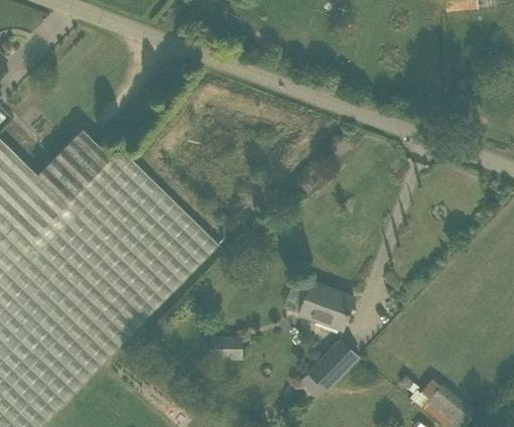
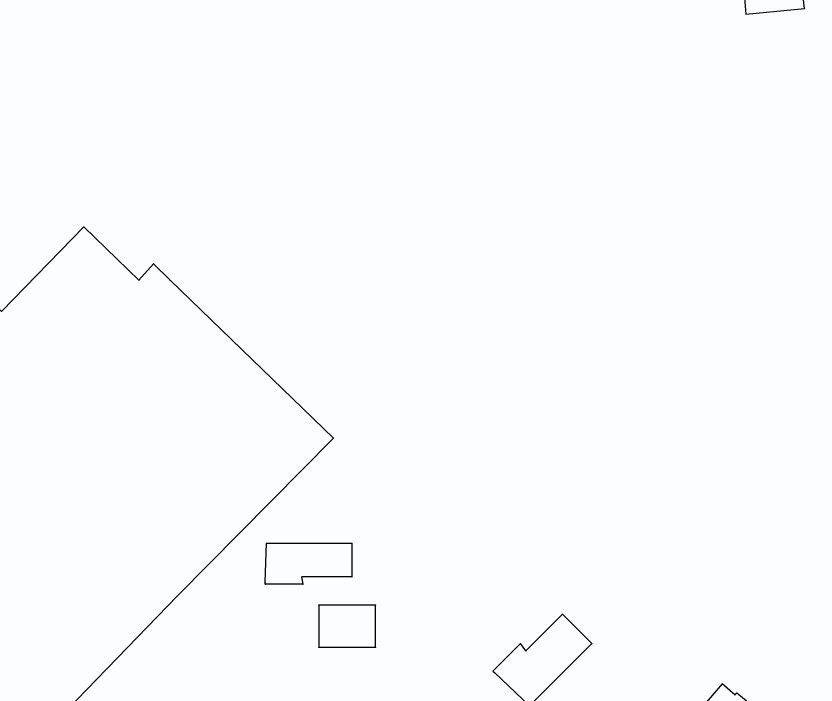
building: [299,282,354,329] -> none
building: none -> [265,543,352,584]

